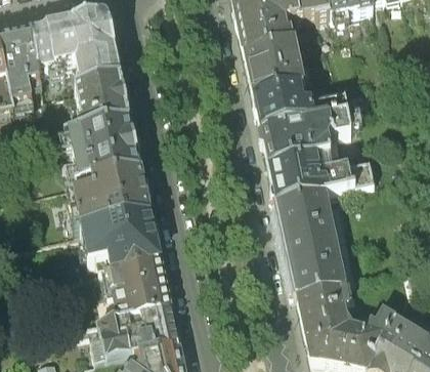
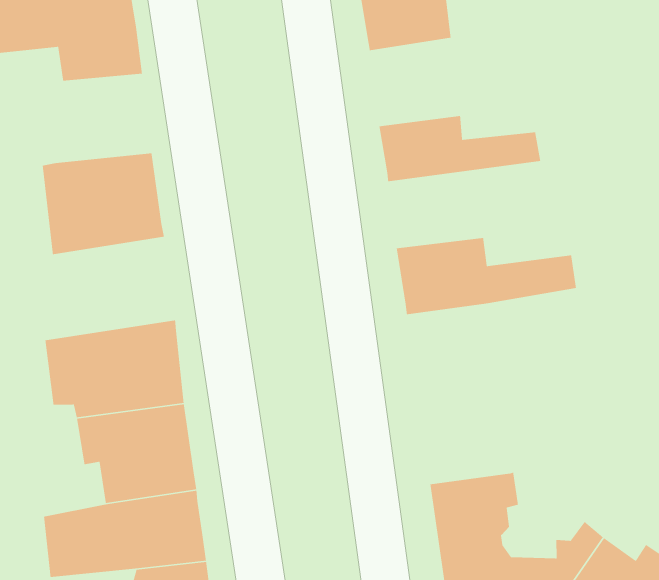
building: [247,44,300,95] -> none
building: [75,76,131,128] -> none
building: [262,109,349,162] -> none
building: [73,165,150,226] -> none
building: [277,190,341,291] -> none

